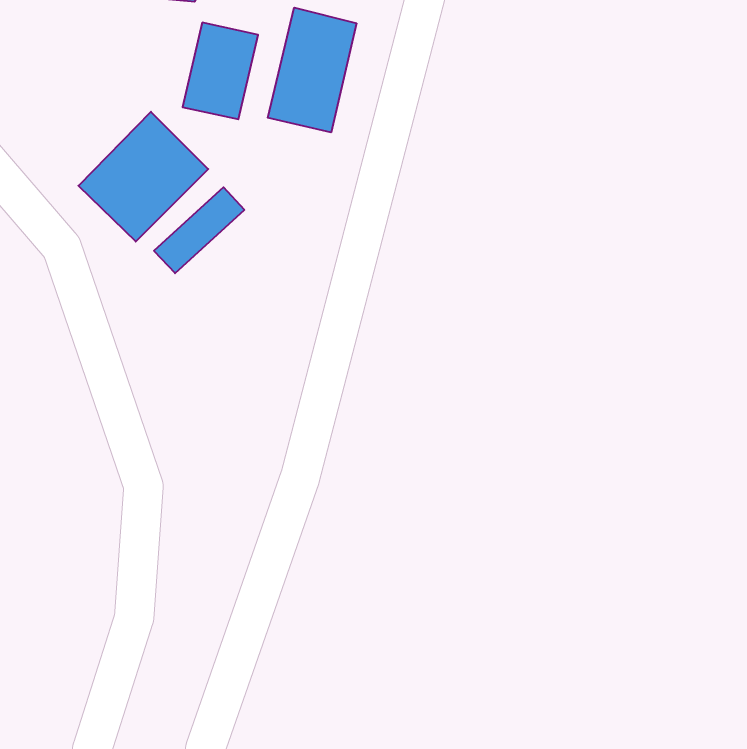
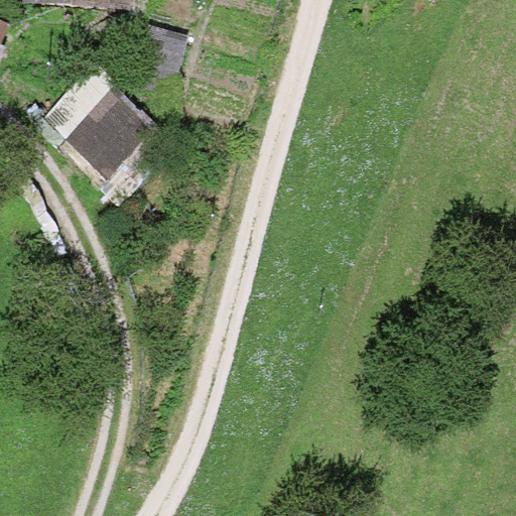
building: [268,8,356,132] -> none

